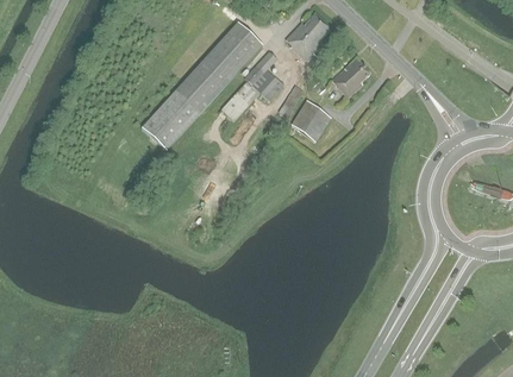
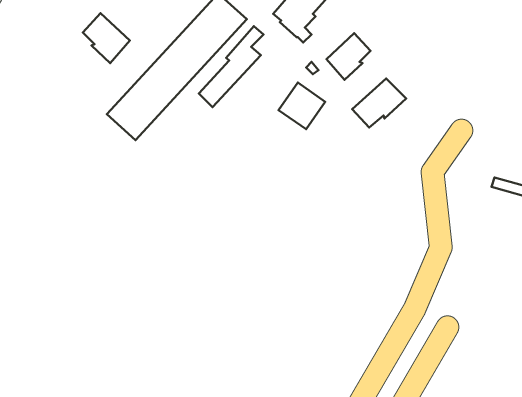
building: none -> [83,13,130,63]
building: none -> [352,79,406,128]

